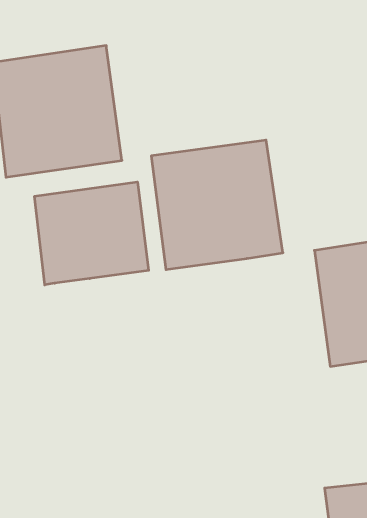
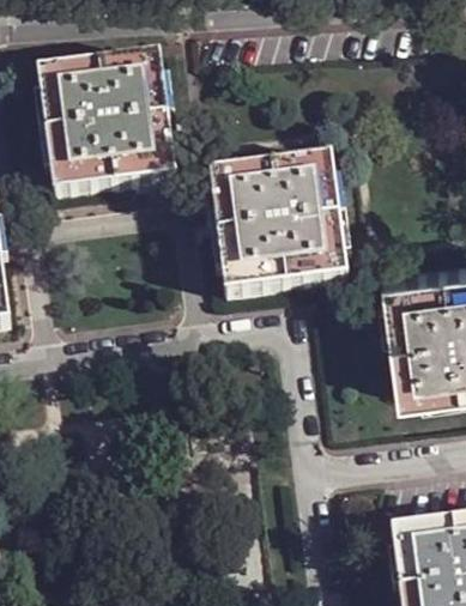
building: [35,182,149,285] -> none

